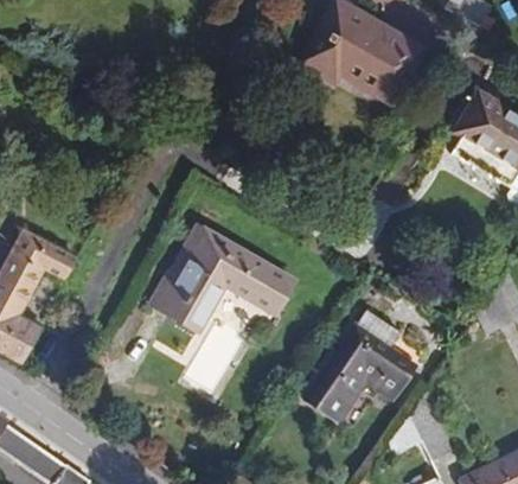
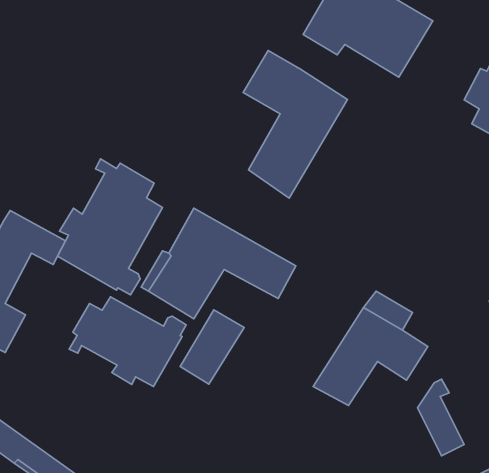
building: none -> [243,50,347,198]
building: none -> [58,159,162,295]
building: none -> [69,297,186,386]

